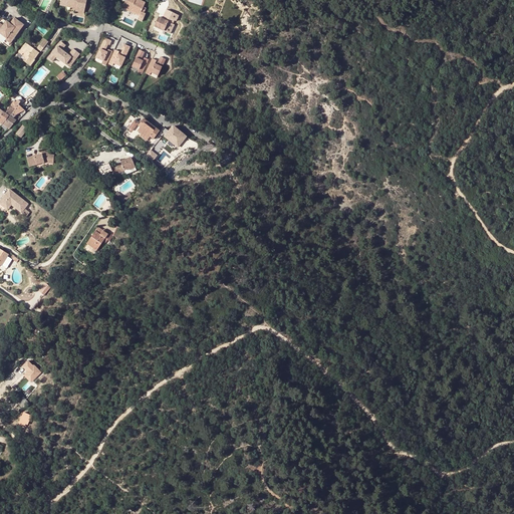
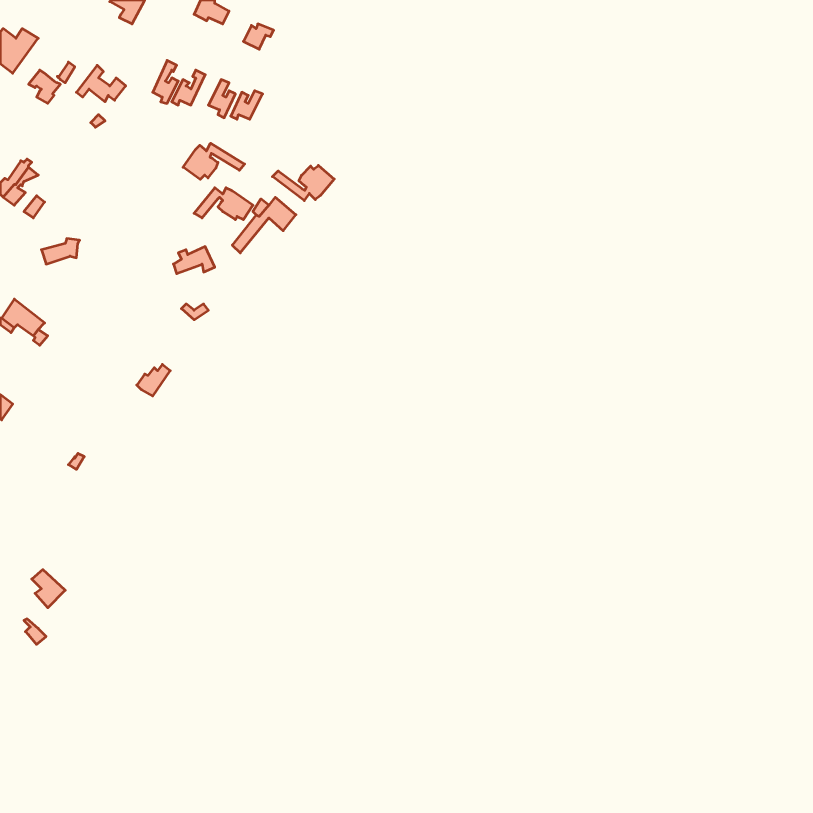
building: none -> [183,143,245,179]
building: none -> [272,165,334,201]

